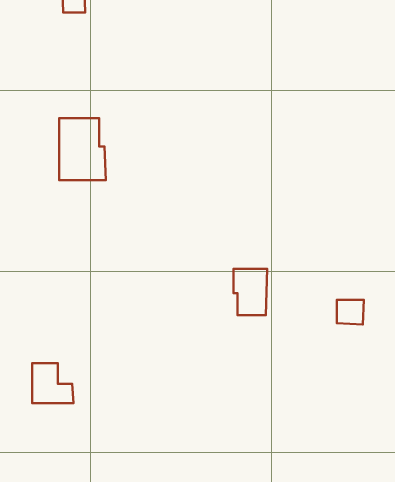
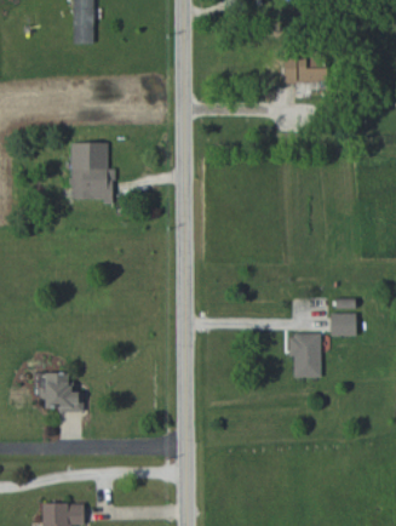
building: none -> [283,57,326,84]
building: [234,269,267,315] -> [289,335,321,378]

